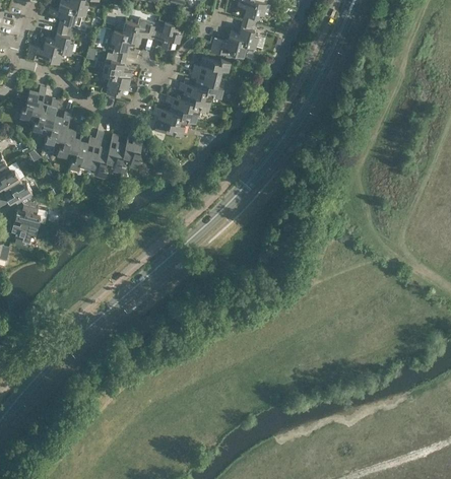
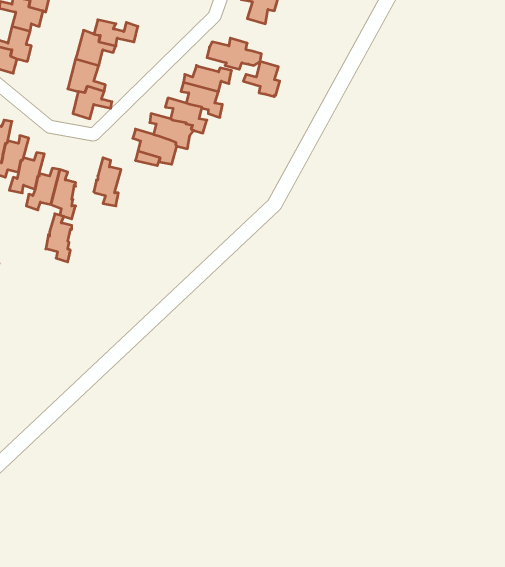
building: [227,21,255,49] -> [243,61,280,97]
building: [151,22,180,50] -> none
building: [103,135,123,173] -> [46,214,72,262]

